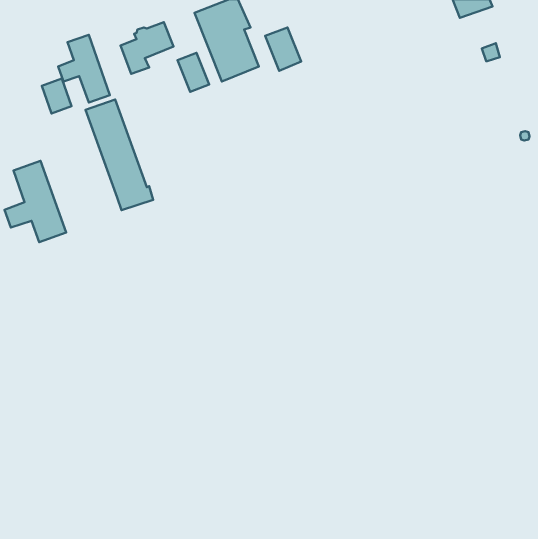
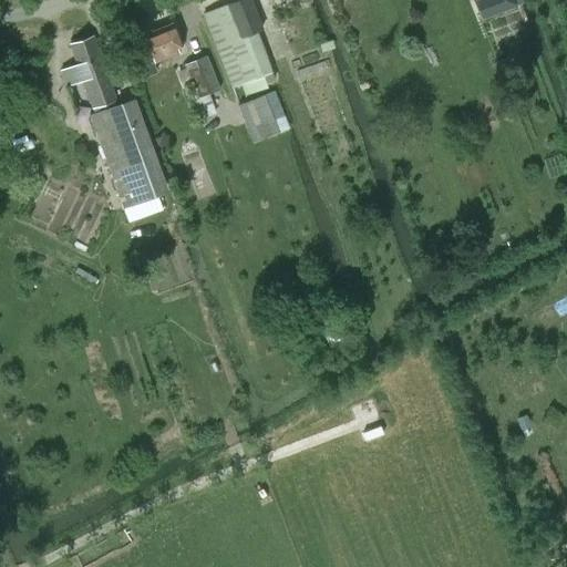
building: [265,28,301,71] -> [241,95,279,141]
building: [42,79,71,113] -> none
building: [5,161,66,242] -> none

